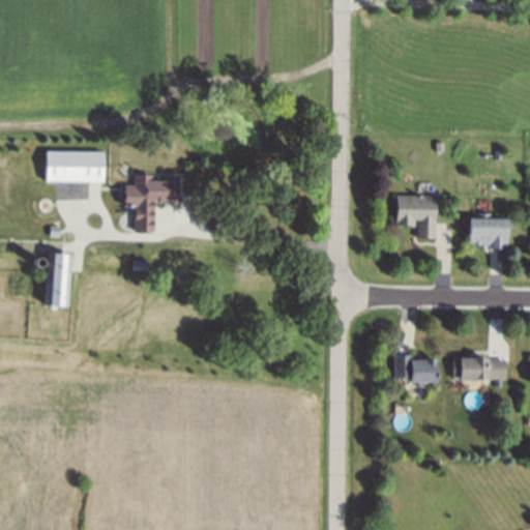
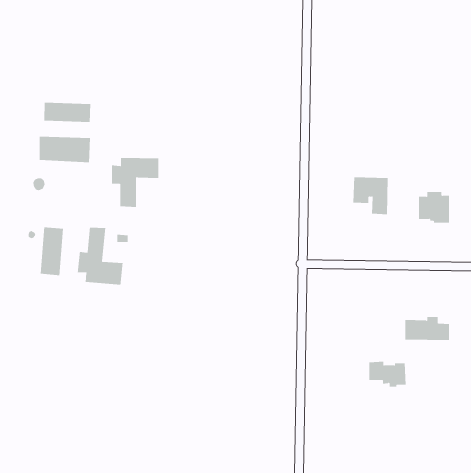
building: none -> [44,102,91,123]
building: none -> [77,227,123,285]
building: [395,357,438,386] -> [368,361,406,387]

